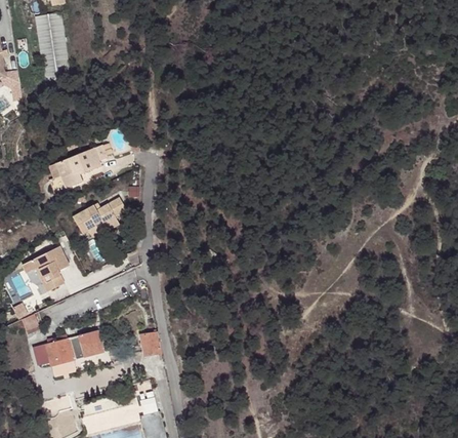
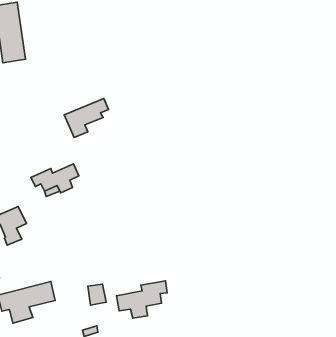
building: [54,147,105,191] -> [64,99,109,137]
building: none -> [116,281,167,318]

